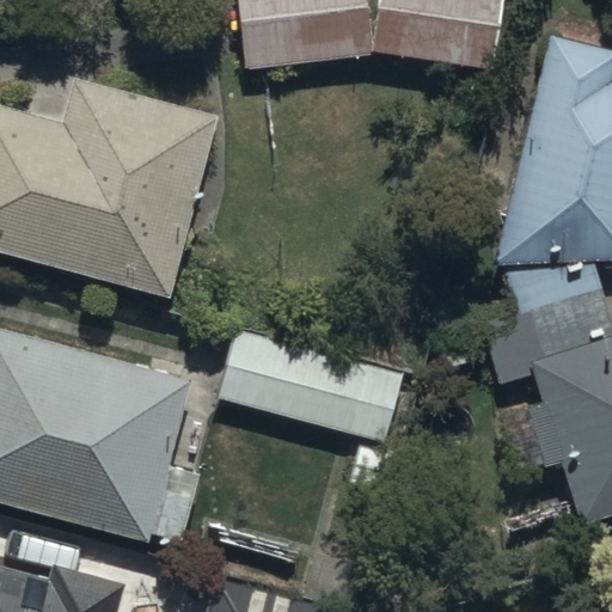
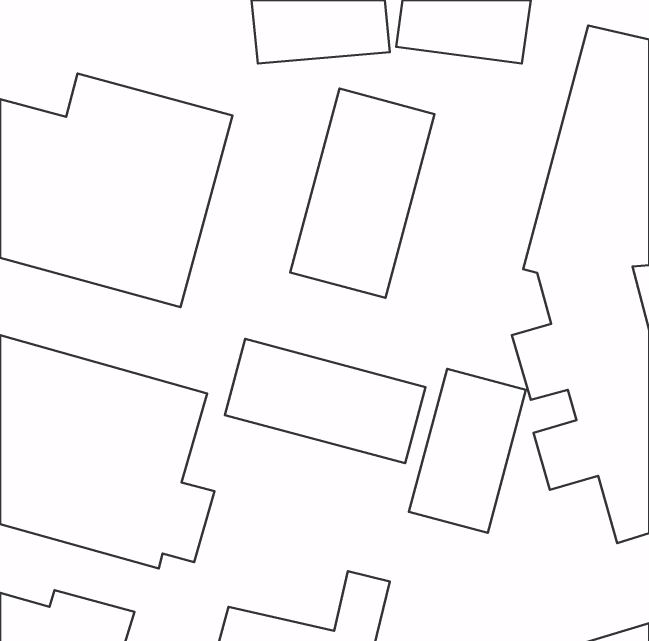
building: none -> [290,88,435,298]
building: none -> [409,369,526,533]

